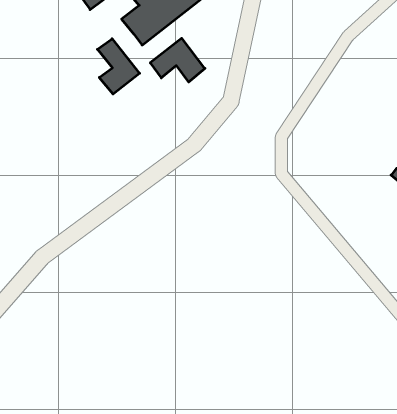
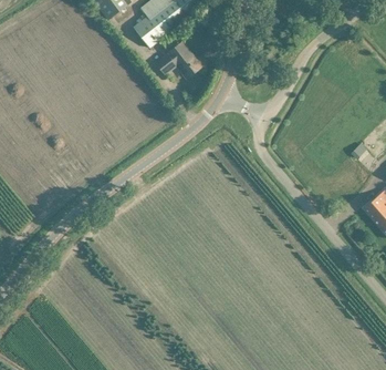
building: [97,39,140,94] -> none

